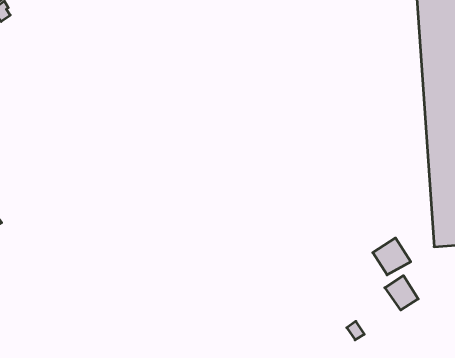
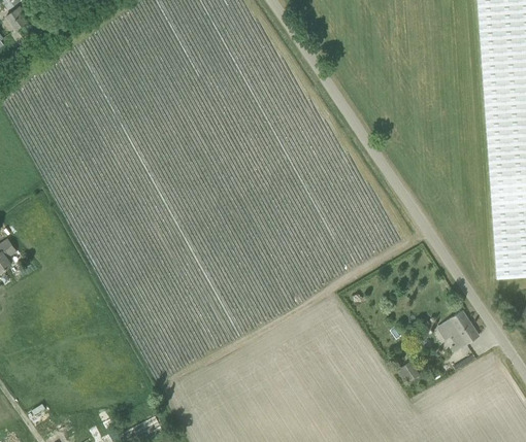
building: [373,238,411,275] -> none

